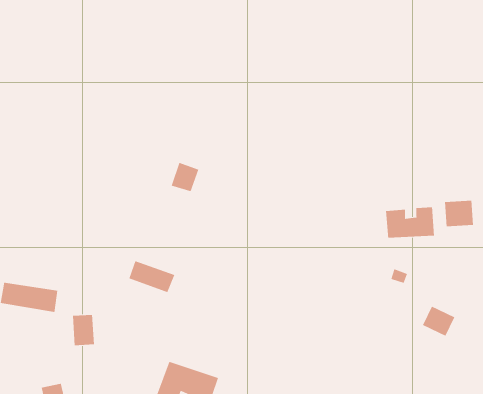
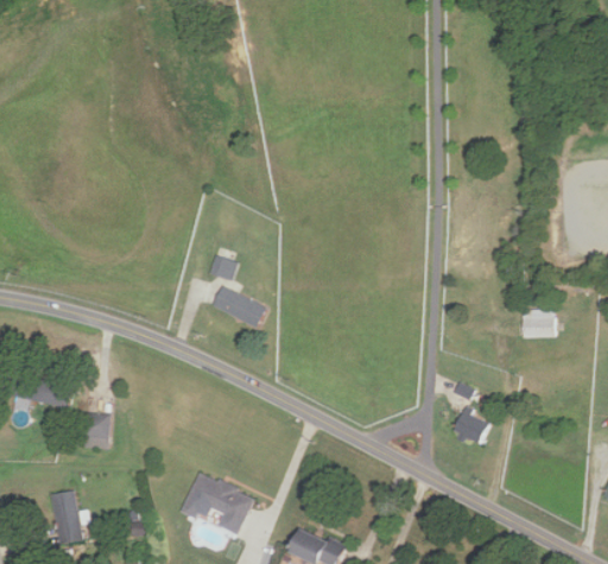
building: [385,207,434,239] -> none
building: [129,260,175,293] -> [214,287,267,327]
building: [422,306,455,336] -> [451,410,489,445]

